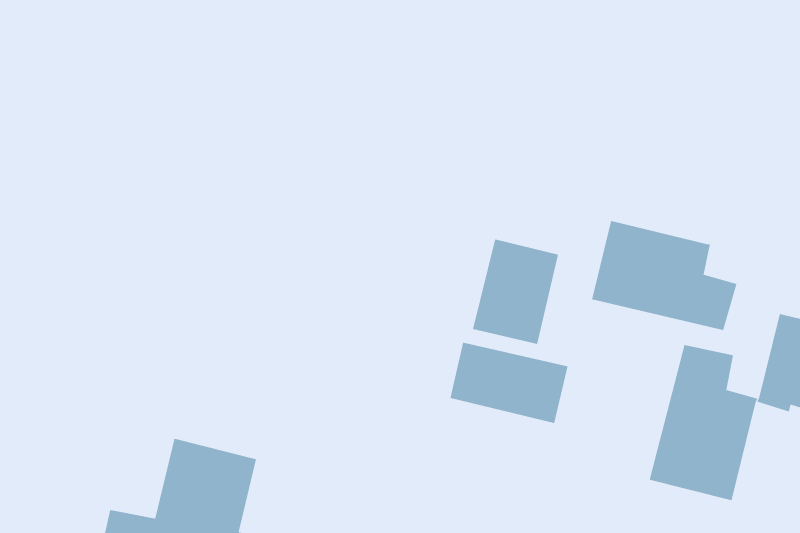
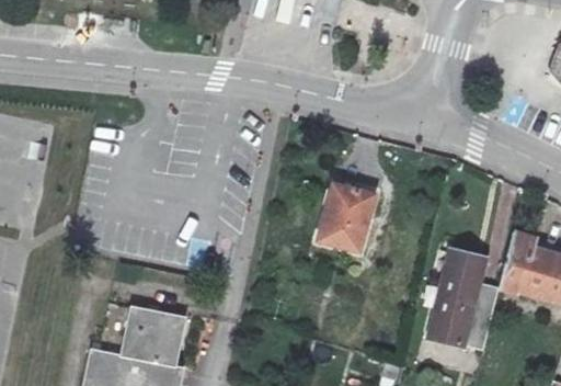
building: [591,220,737,331] -> none
building: [450,342,568,424] -> none

